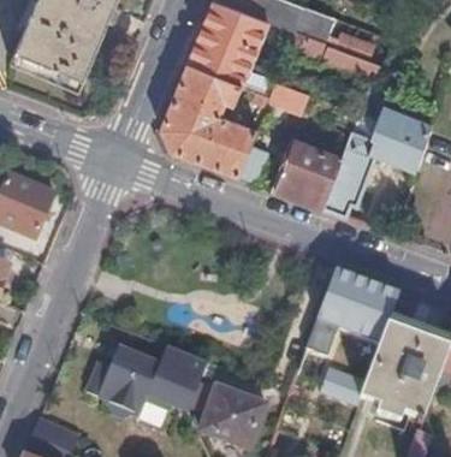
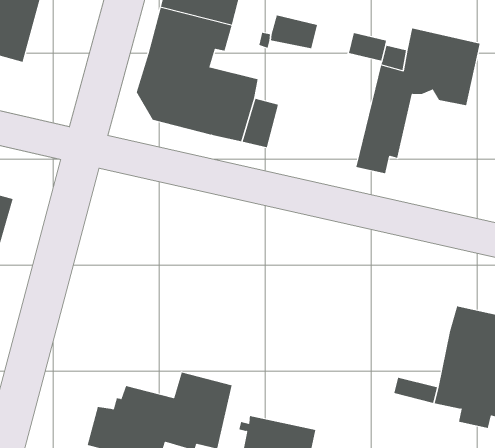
building: [275,138,343,206] -> none
building: [305,271,398,358] -> none

